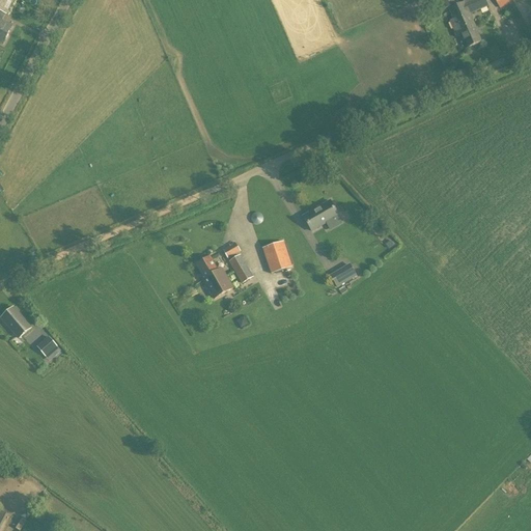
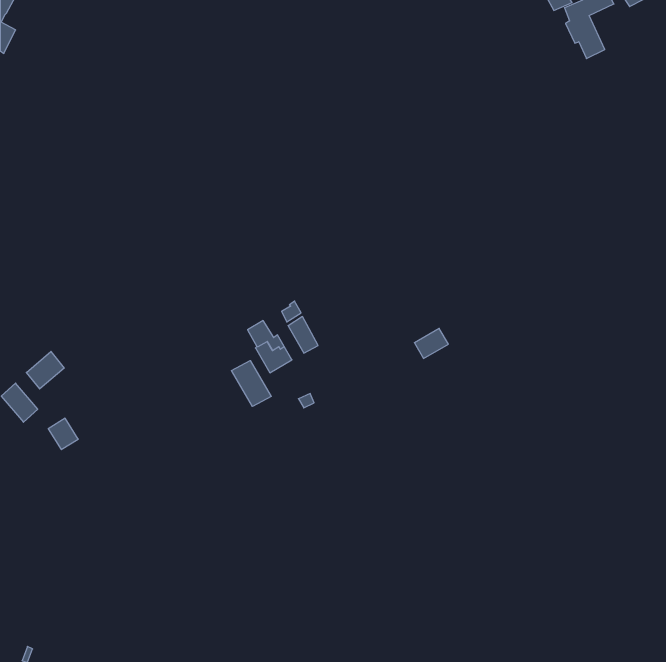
building: [303,198,338,228] -> none
building: [262,239,291,272] -> none
building: none -> [26,351,64,389]
building: none -> [231,361,271,406]

